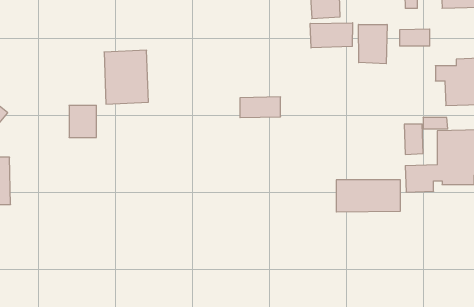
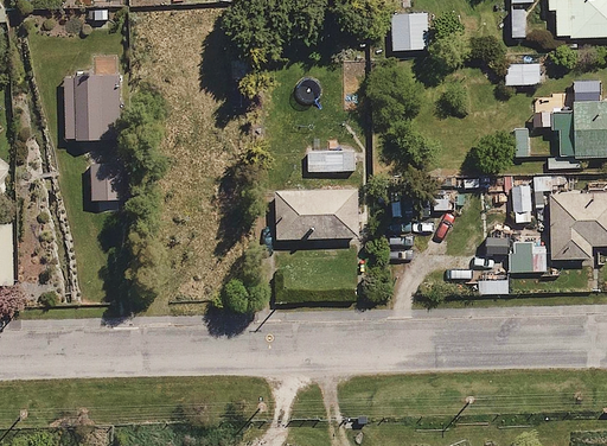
building: [310,23,353,48] -> none
building: [359,24,387,64] -> none
building: [104,50,148,104] -> [66,72,122,140]
building: none -> [275,186,363,242]

